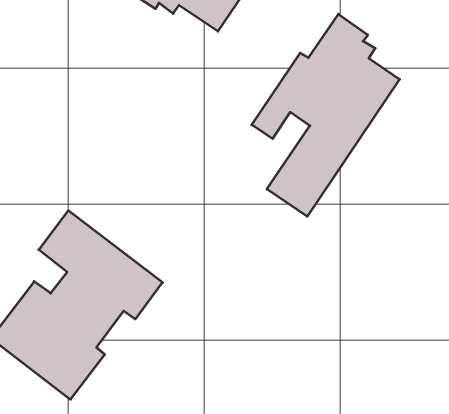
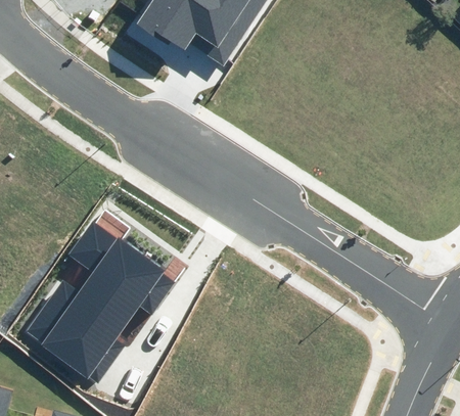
building: [252,14,400,216] -> none

